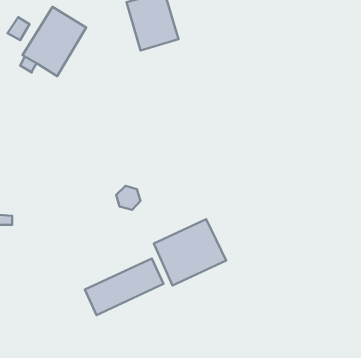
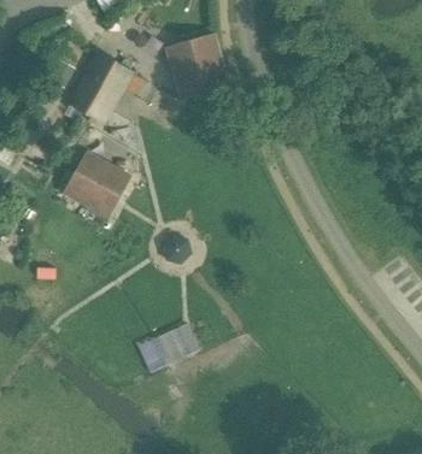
building: none -> [64,160,125,218]
building: [154,219,226,285] -> none

